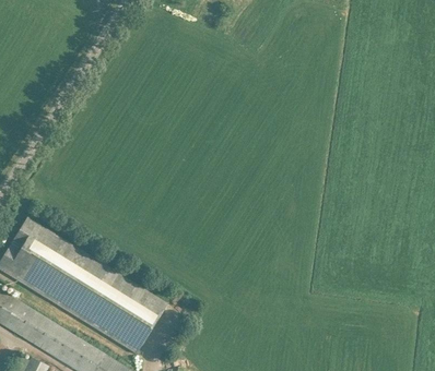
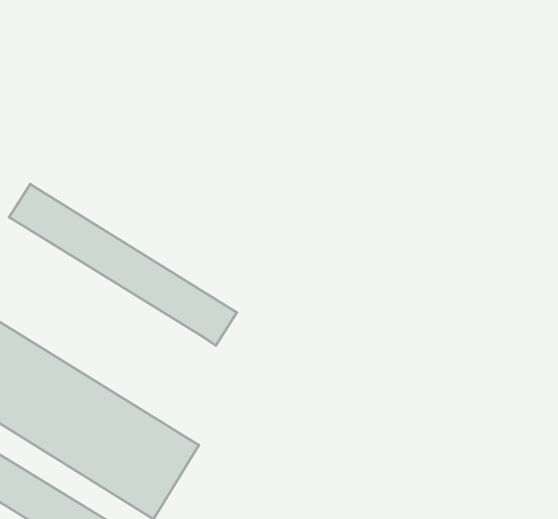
building: none -> [9,184,237,345]

